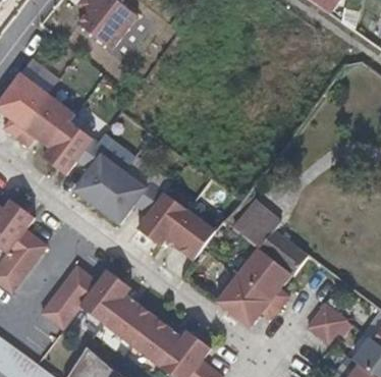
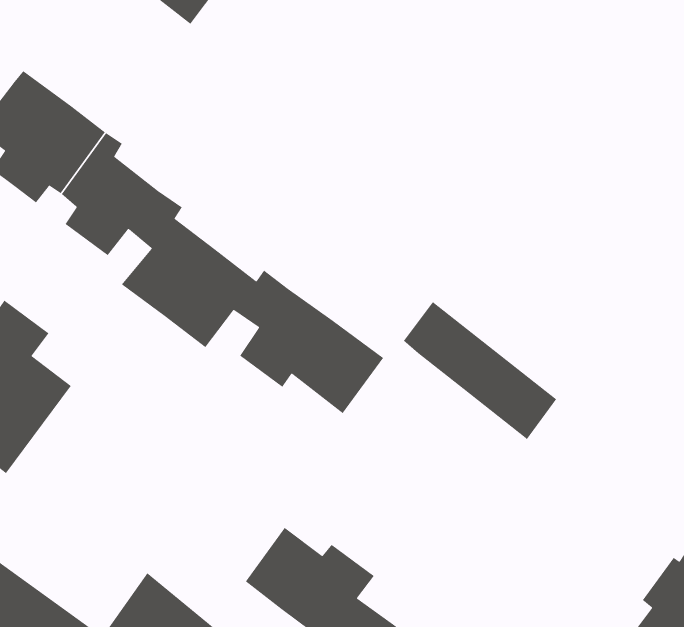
building: [216,248,291,328] -> none
building: [40,266,161,352] -> none
building: [306,303,346,343] -> none

